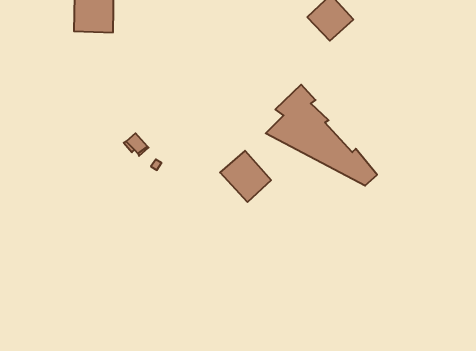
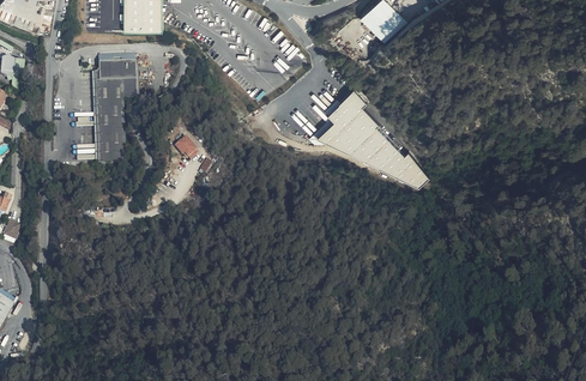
building: none -> [92,56,135,167]
building: [220,151,271,202] -> none

